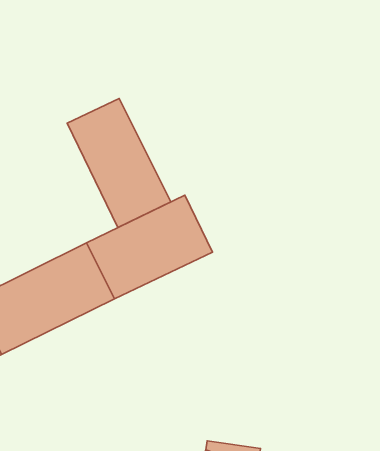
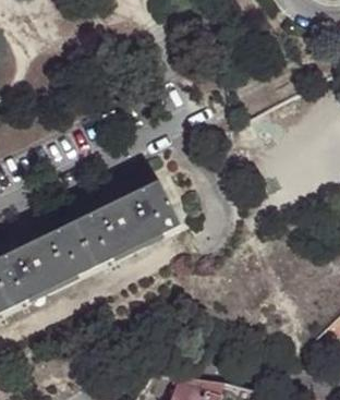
building: [67,99,171,228] -> none

